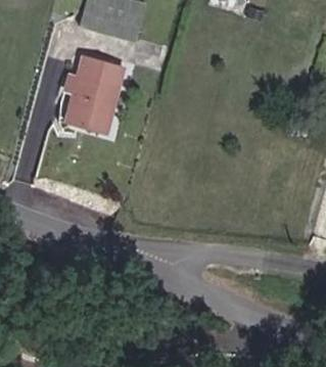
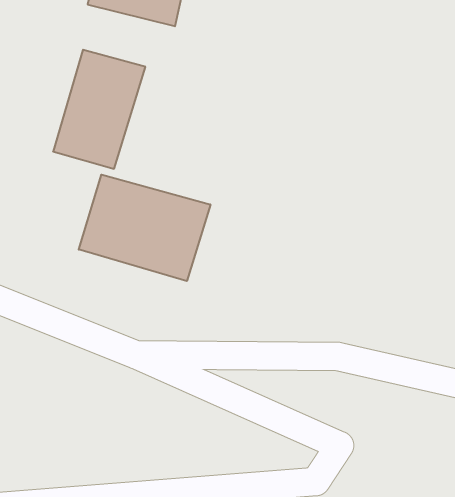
building: none -> [79,175,210,281]

